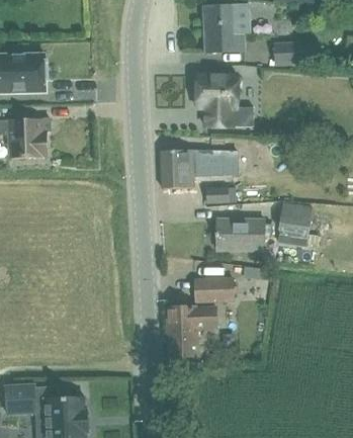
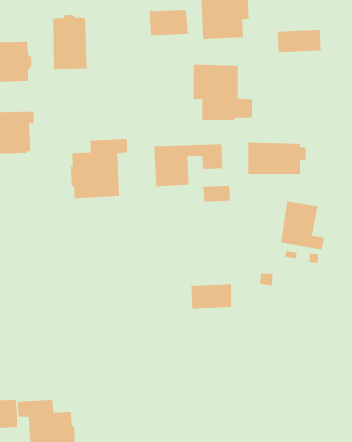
building: none -> [149,9,189,36]
building: none -> [52,14,88,70]
building: none -> [70,138,128,199]
building: [216,218,271,249] -> [247,142,306,175]
building: [167,306,216,362] -> none

